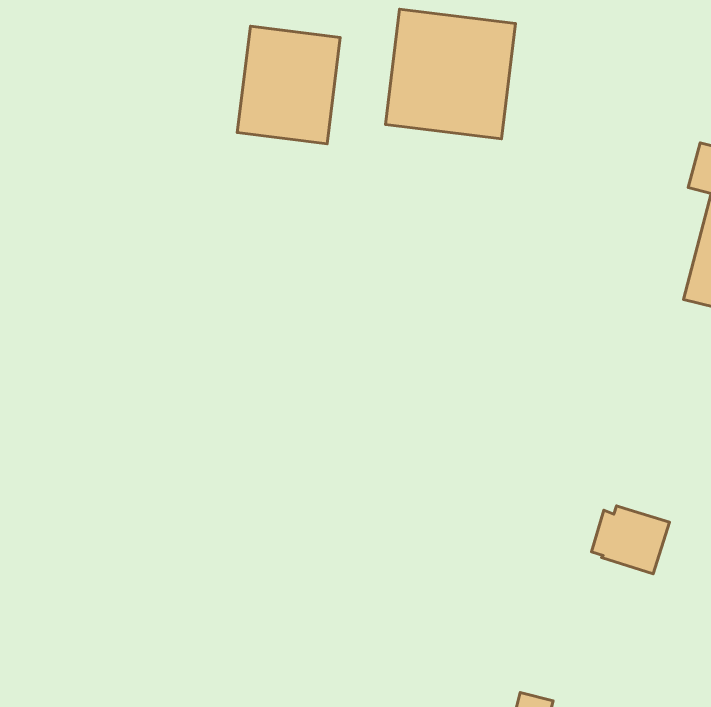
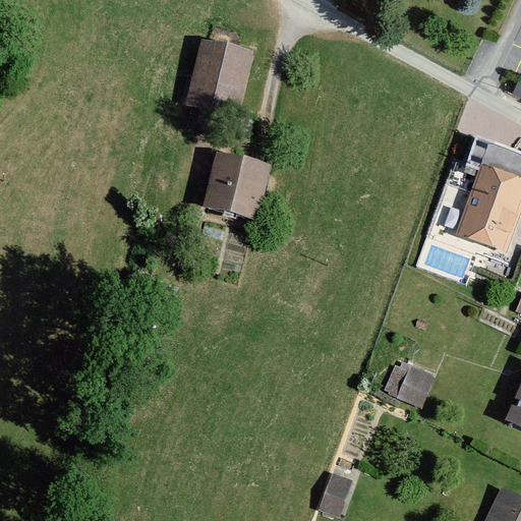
building: [386,9,516,139] -> none
building: none -> [207,152,269,220]

